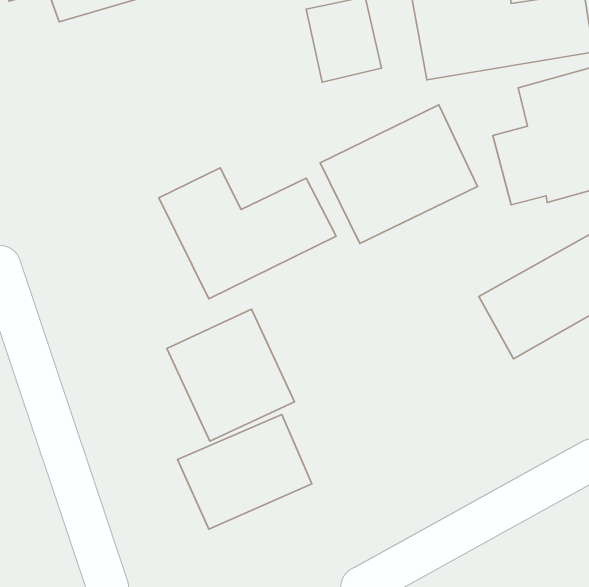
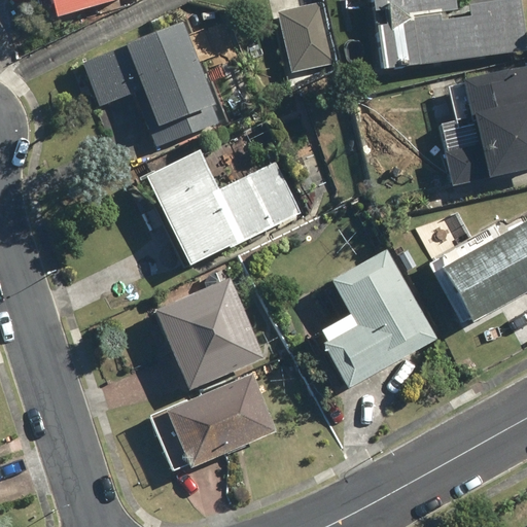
building: none -> [86,22,226,142]
building: [320,105,477,243] -> none
building: none -> [320,248,437,390]

